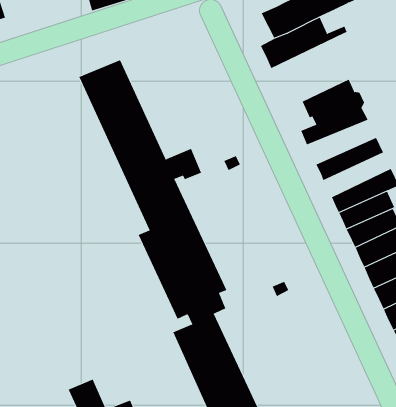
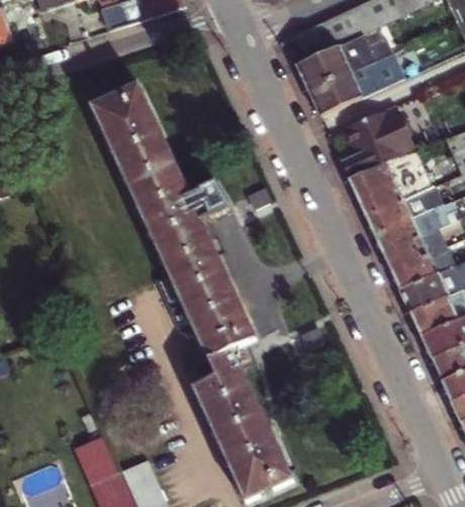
building: none -> [306,54,400,117]
building: none -> [346,150,424,199]
building: none -> [364,186,440,236]

